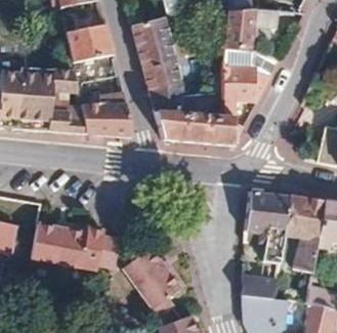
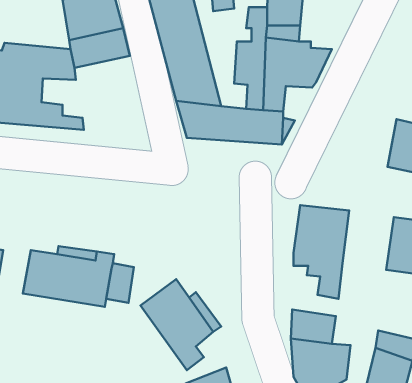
building: [76,89,131,137] -> none
building: [283,196,323,272] -> none

